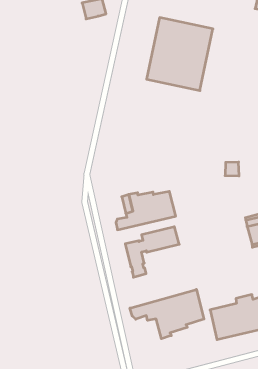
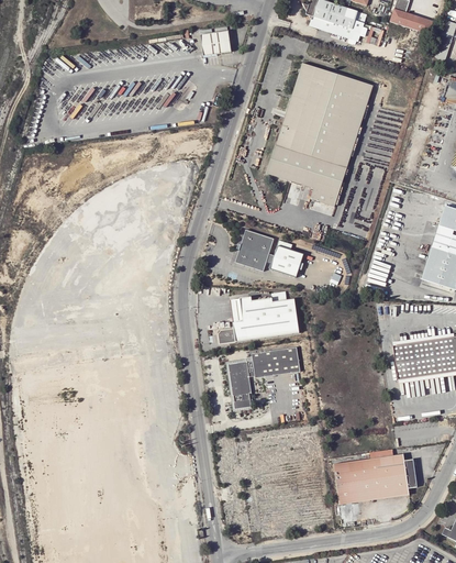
building: none -> [268,144,347,206]
building: none -> [236,229,304,276]
building: [130,289,204,339] -> none

